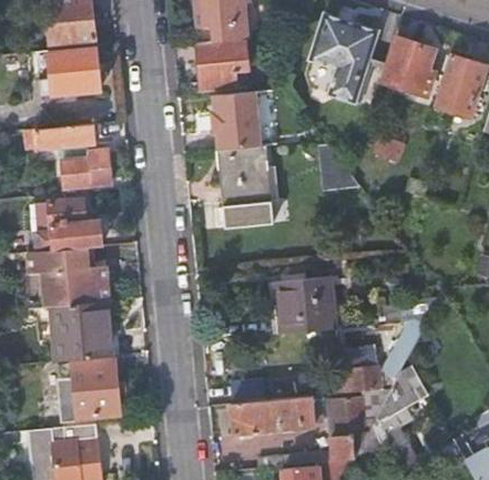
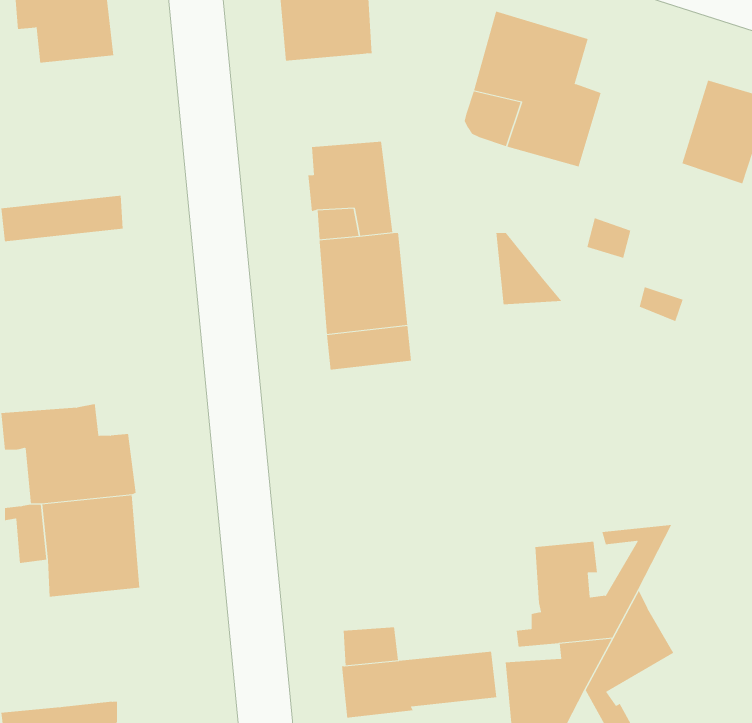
building: [384,38,437,98] -> none
building: [198,40,249,89] -> none
building: [37,47,101,96] -> none
building: [63,152,109,191] -> none
building: [34,201,103,251] -> none
building: [276,278,337,335] -> none
building: [59,361,121,429] -> none

